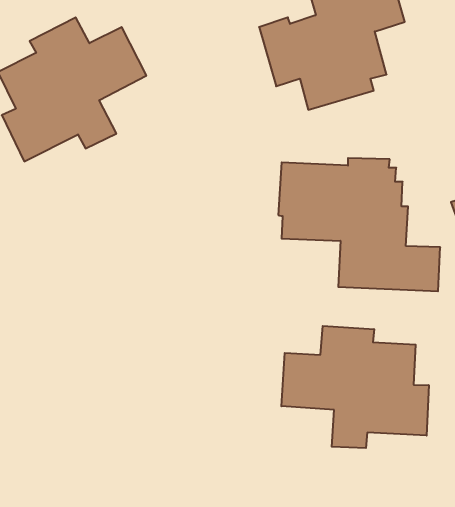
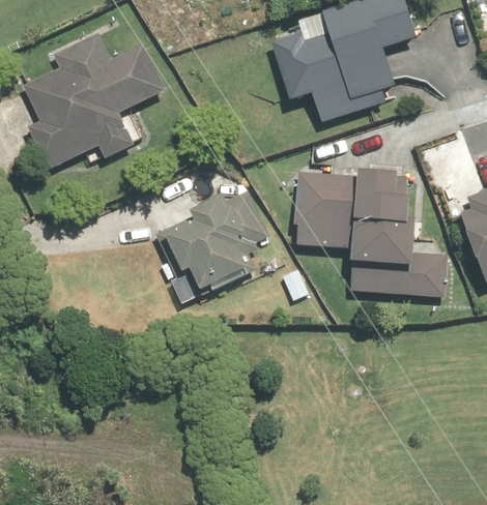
building: none -> [154,191,266,296]
building: [281,326,429,448] -> none

